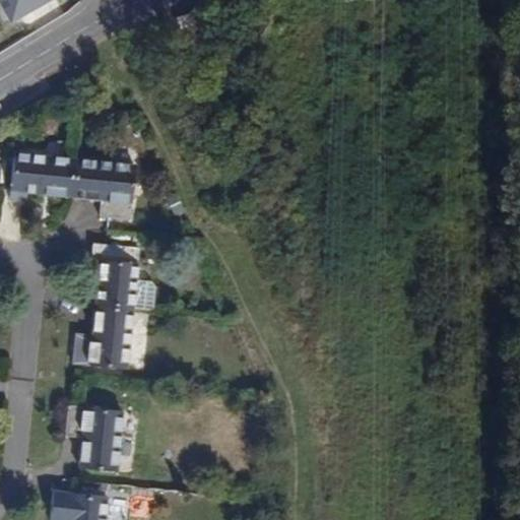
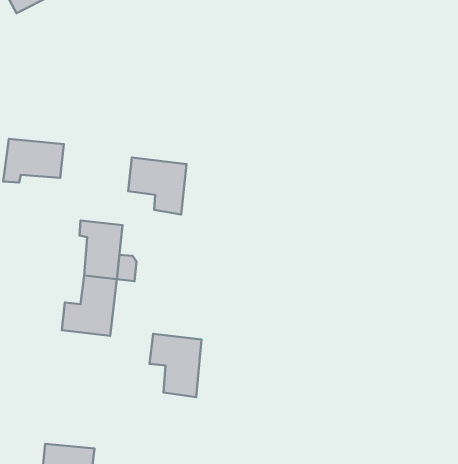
building: [70,159,134,221] -> [128,158,187,214]
building: [65,405,122,474] -> [150,334,202,397]

